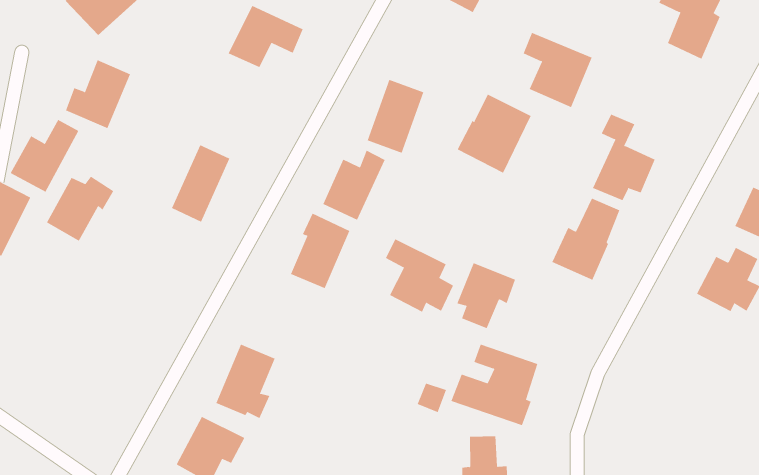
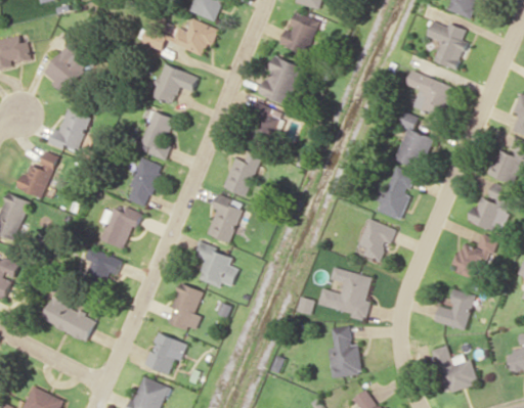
building: [523,32,592,108] -> [405,71,450,117]
building: none -> [139,109,172,160]
building: [457,94,532,173] -> [257,55,303,105]
building: [46,176,114,242] -> [98,206,140,248]
building: [385,238,454,313] -> [190,241,236,287]
building: [456,262,516,329] -> [357,219,394,261]
building: none -> [82,248,120,285]
building: none -> [450,233,495,283]
building: none -> [40,298,96,341]
building: none -> [434,288,474,329]

